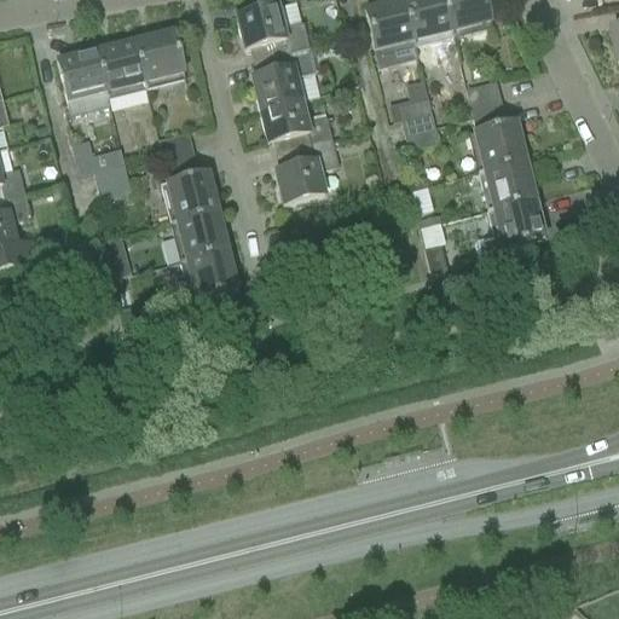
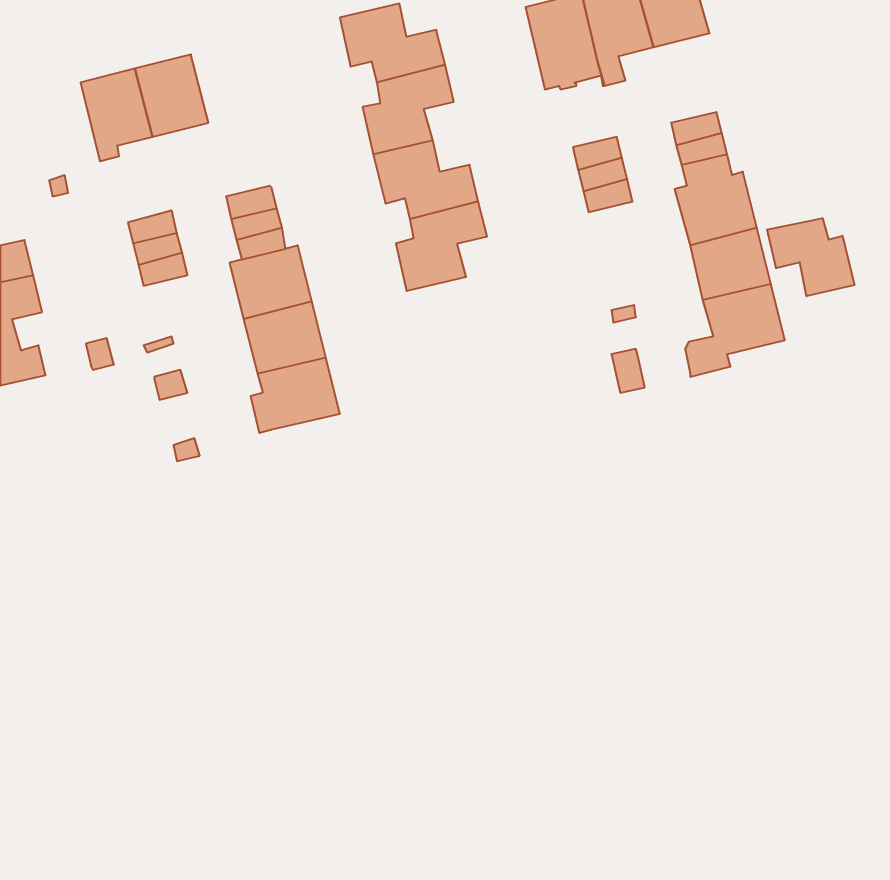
building: [135,28,186,85] -> none
building: none -> [767,218,854,296]

